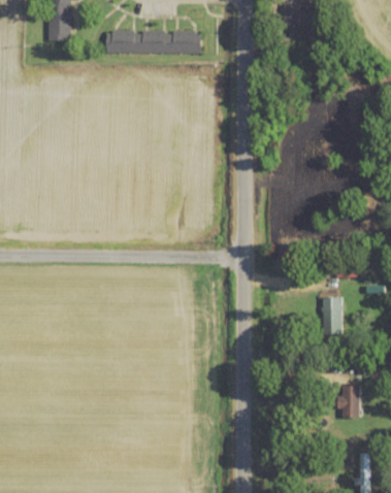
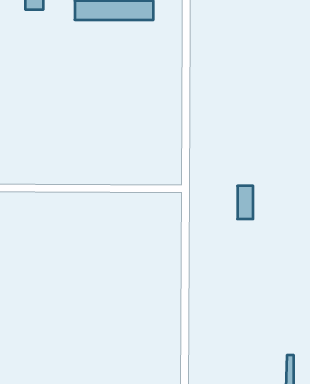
building: [323,296,341,335] -> [237,186,253,219]
building: [339,385,360,418] -> none

